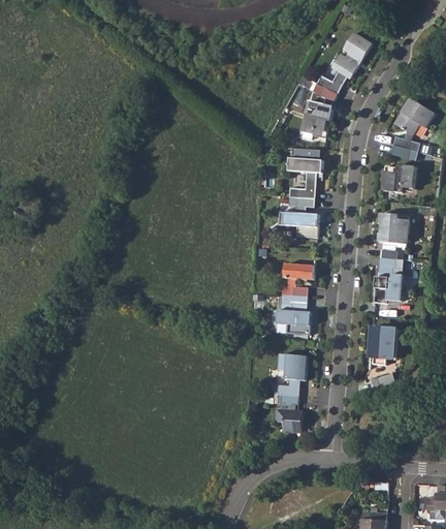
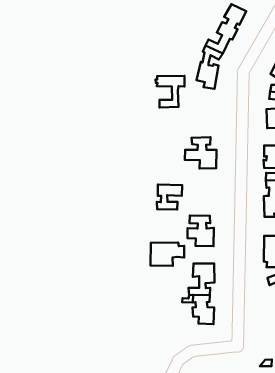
building: [289,157,325,197] -> [156,76,184,107]
building: [282,262,315,295] -> [157,184,182,209]
building: none -> [151,242,184,266]

